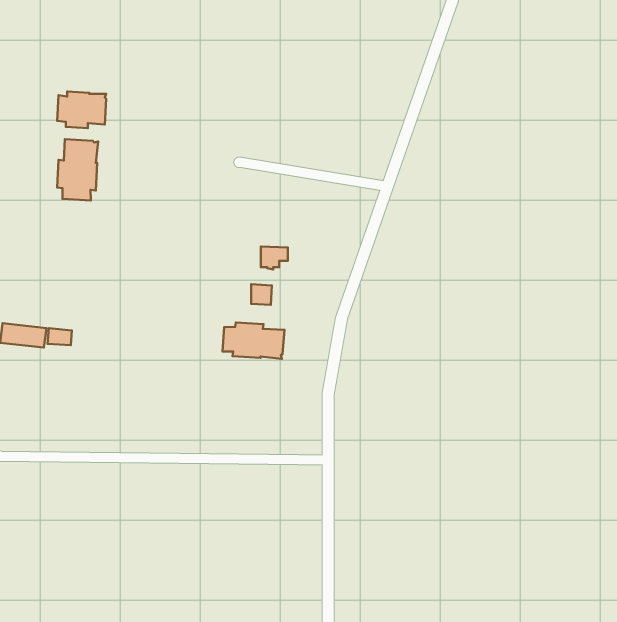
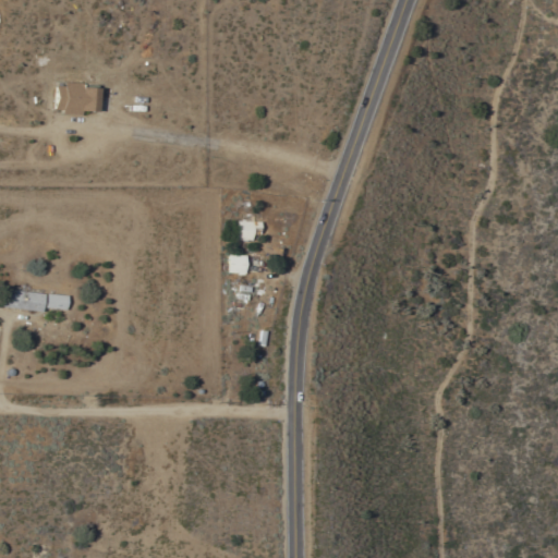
building: [57,139,98,201] -> none
building: [222,322,284,359] -> none

